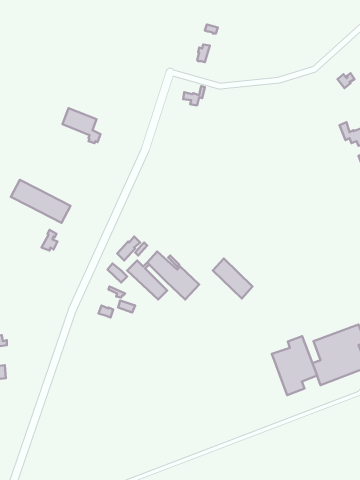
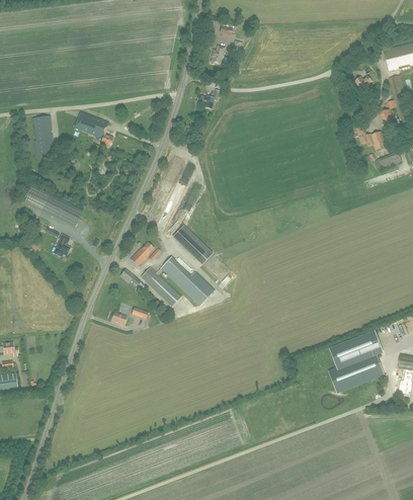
building: none -> [34,116,49,154]
building: [213,259,253,298] -> [173,224,214,264]
building: [272,336,317,395] -> none

